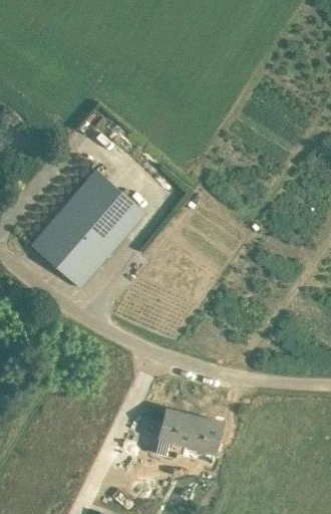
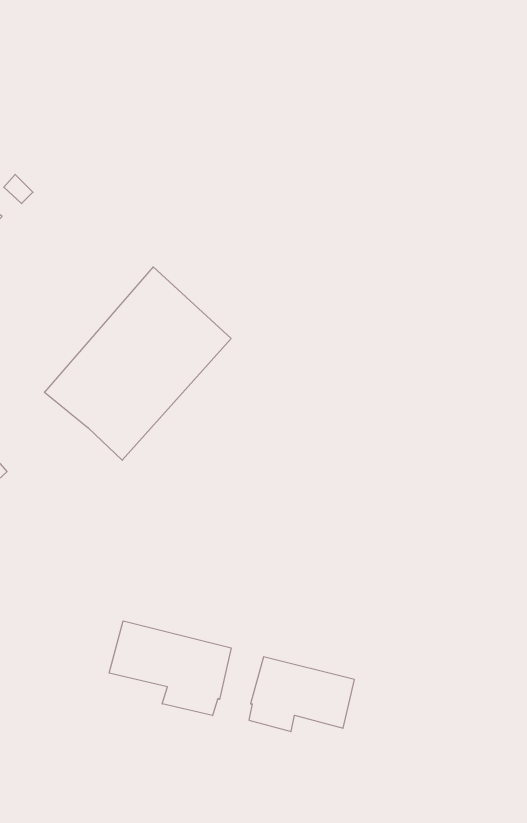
building: none -> [109,621,231,716]

